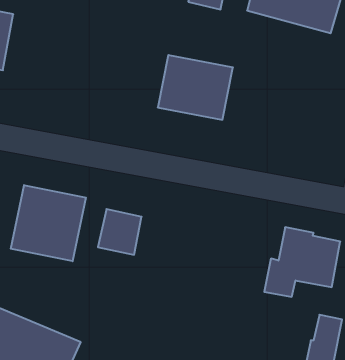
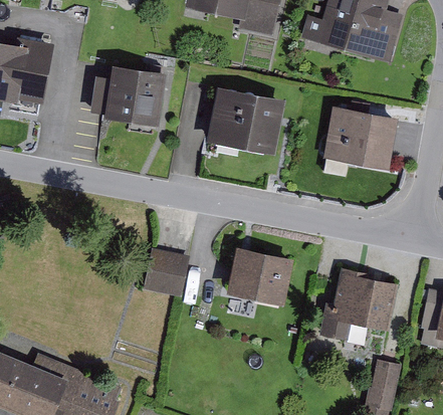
building: none -> [90,64,167,127]
building: none -> [322,107,398,170]
building: [11,185,86,261] -> none
building: none -> [226,246,293,304]

